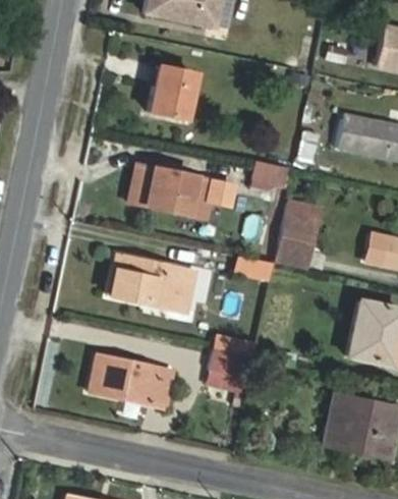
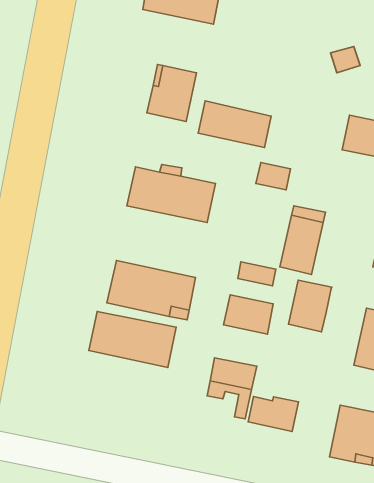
building: none -> [198,101,271,148]
building: none -> [288,280,332,332]
building: none -> [223,295,273,334]
building: [90,354,174,408] -> [89,311,176,367]
building: none -> [248,396,298,431]

